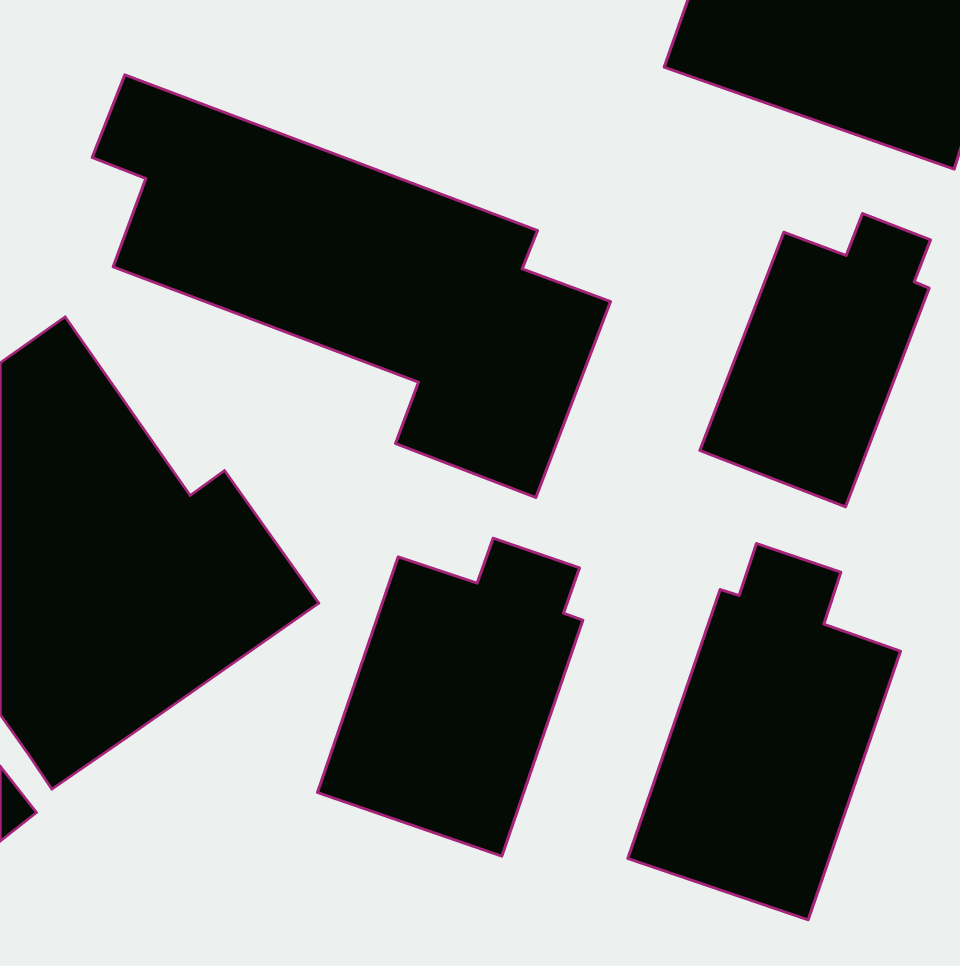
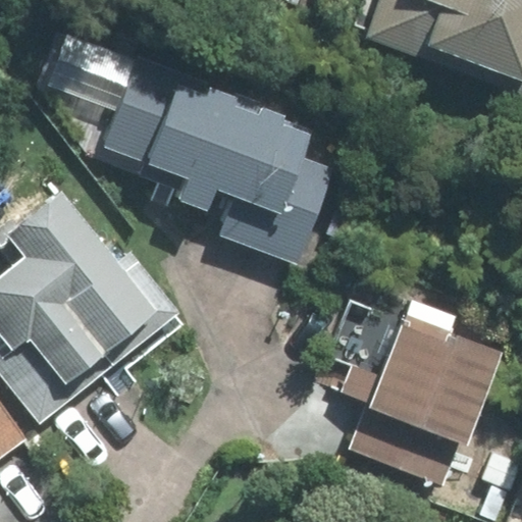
building: [700,214,931,507] -> none
building: [317,538,583,856] -> none

